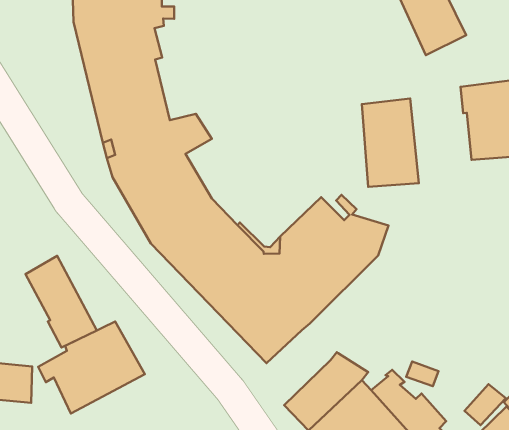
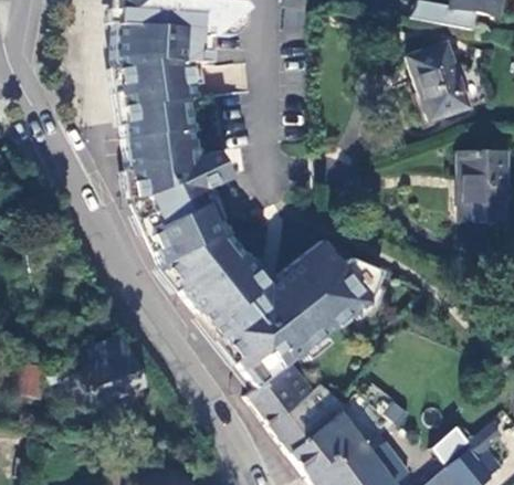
building: [362,99,419,187] -> none
building: [26,256,97,348] -> none
building: none -> [246,360,316,426]

